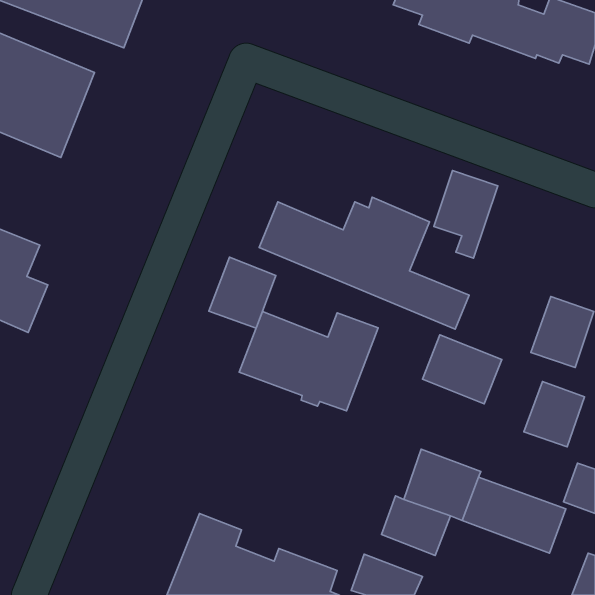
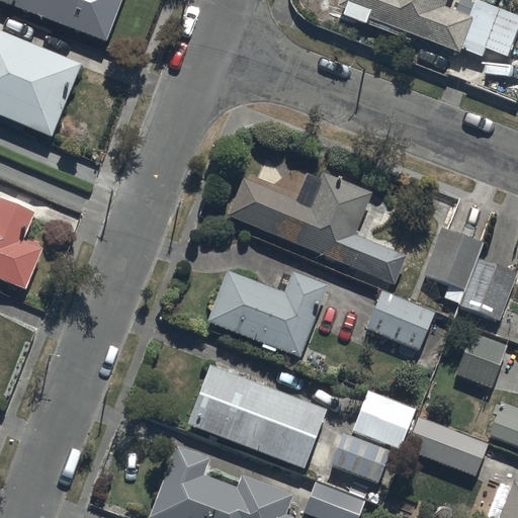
building: [434,171,498,258] -> [424,228,480,304]
building: [209,257,276,328] -> none
building: none -> [185,363,327,468]

